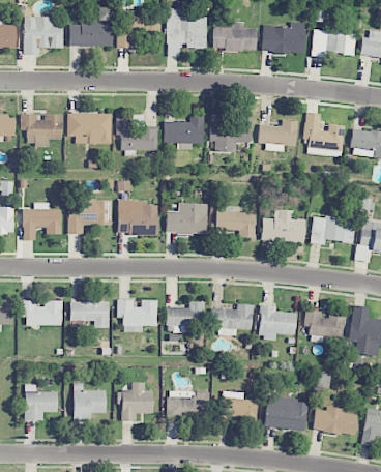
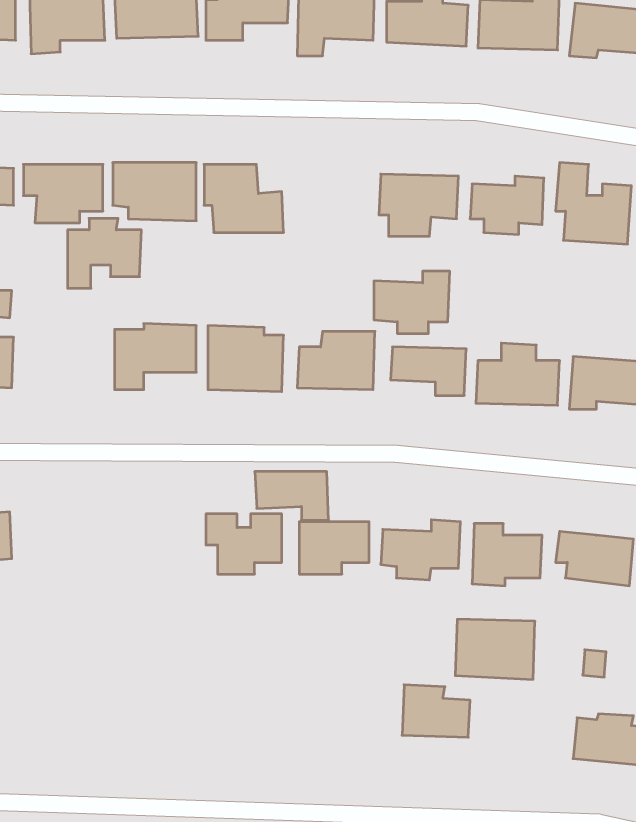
building: [164,116,204,149] -> [374,271,450,333]
building: [23,203,62,240] -> [68,218,141,288]
building: [20,300,62,325] -> none
building: [69,301,109,327] -> [255,472,329,520]
building: [117,382,153,420] -> none
building: [74,383,107,422] -> none
building: [25,384,58,420] -> none
building: [167,391,209,419] -> none
building: [265,397,307,430] -> [455,619,535,679]

